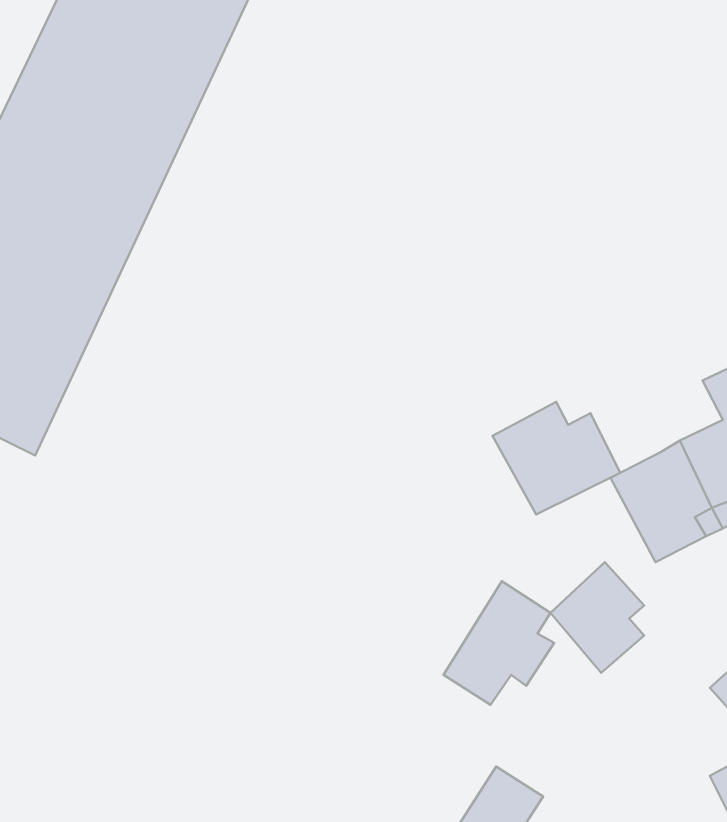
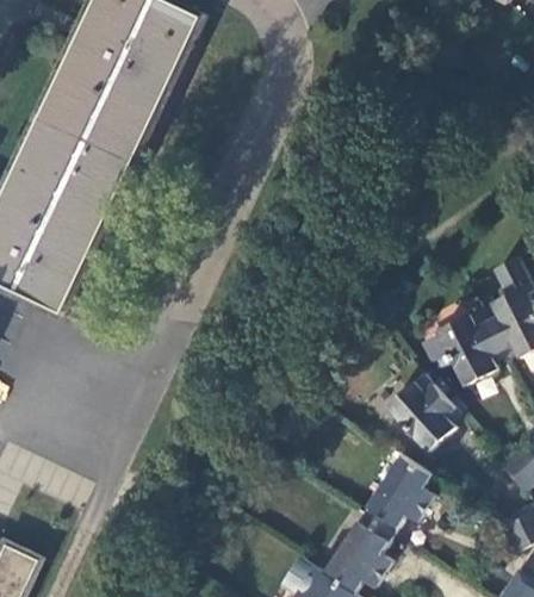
building: [492,402,620,515] -> none
building: [444,581,554,705] -> [359,456,429,535]

